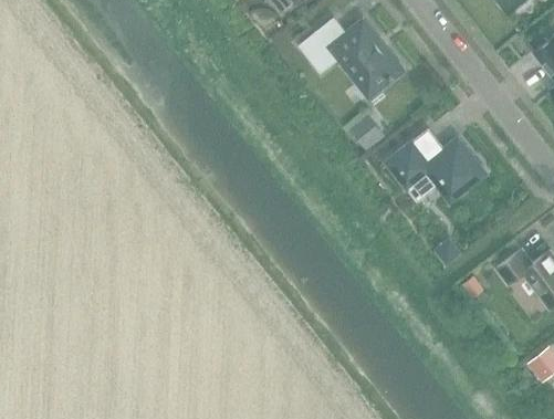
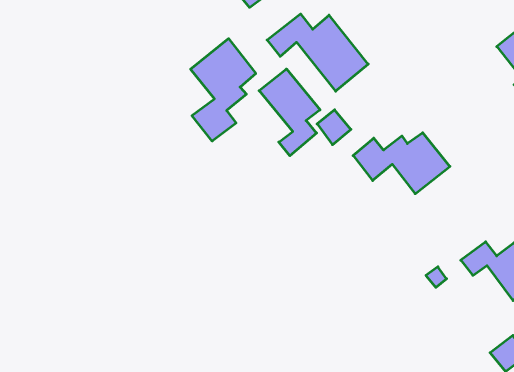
building: none -> [191,39,256,141]
building: none -> [259,69,320,156]

